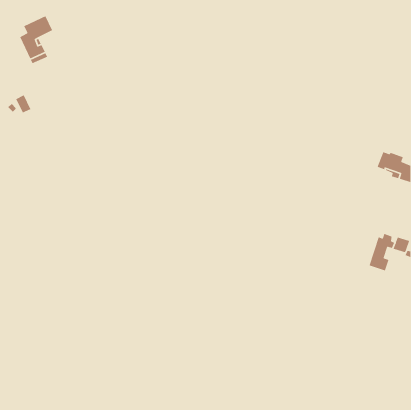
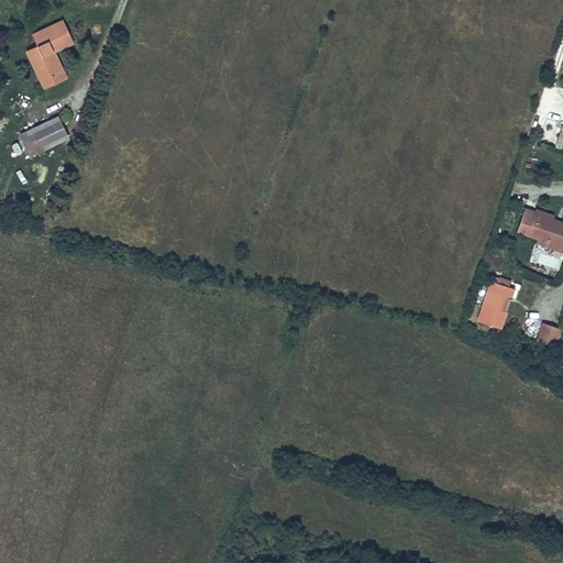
building: none -> [33,117,68,150]
building: [368,233,395,271] -> [477,276,514,329]

